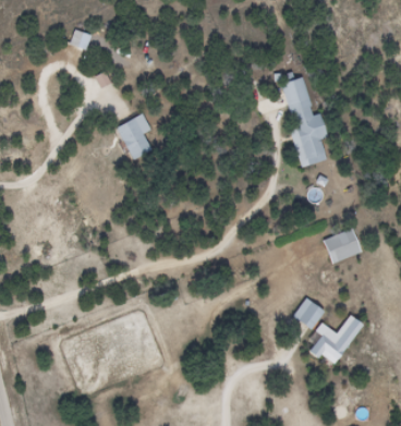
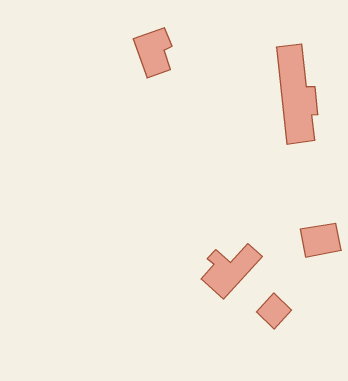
building: [117,114,153,160] -> [133,28,172,78]
building: [311,314,362,365] -> [201,244,262,299]

